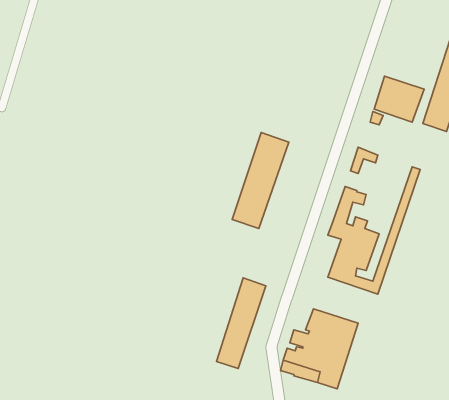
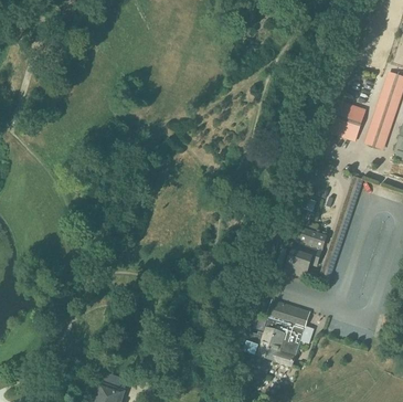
building: [232,132,289,229] -> none
building: [216,278,266,369] -> none

